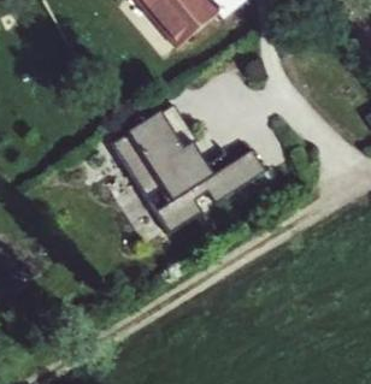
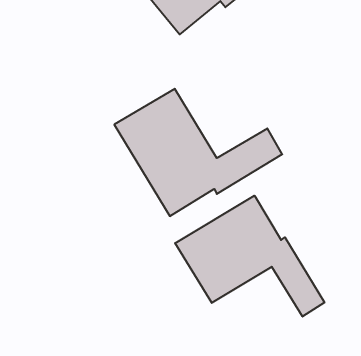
building: none -> [175,196,324,317]

